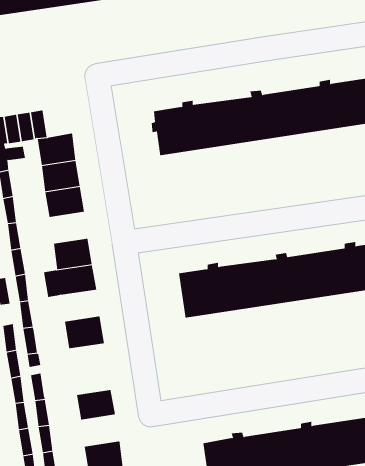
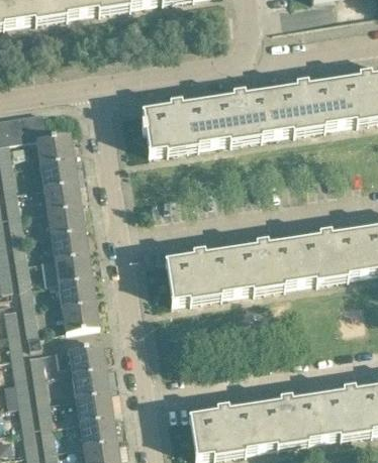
building: none -> [46,201,83,230]
building: none -> [58,272,94,302]
building: none -> [54,339,104,369]
building: none -> [76,387,112,417]

